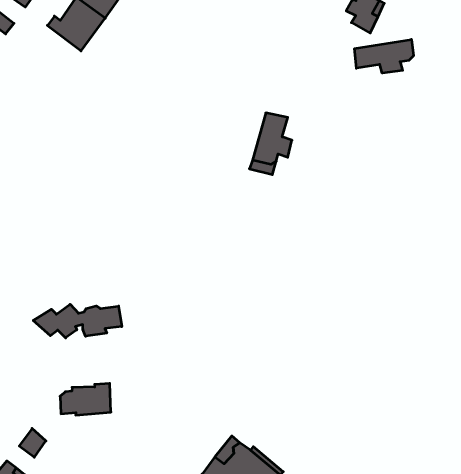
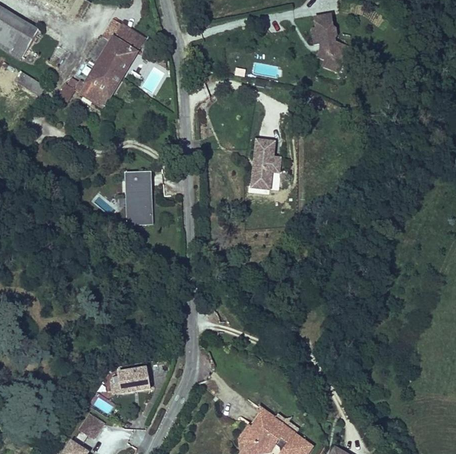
building: [355,39,413,73] -> none
building: none -> [128,175,158,228]
building: [33,304,122,338] -> none

